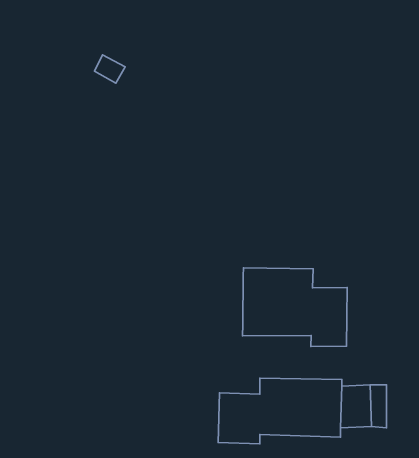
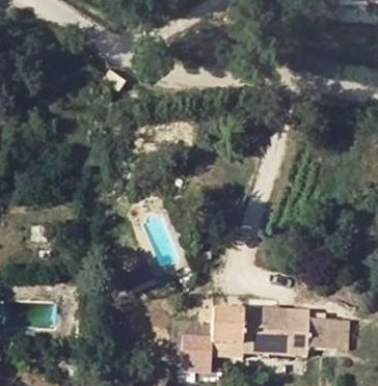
building: [243,268,347,346] -> none

